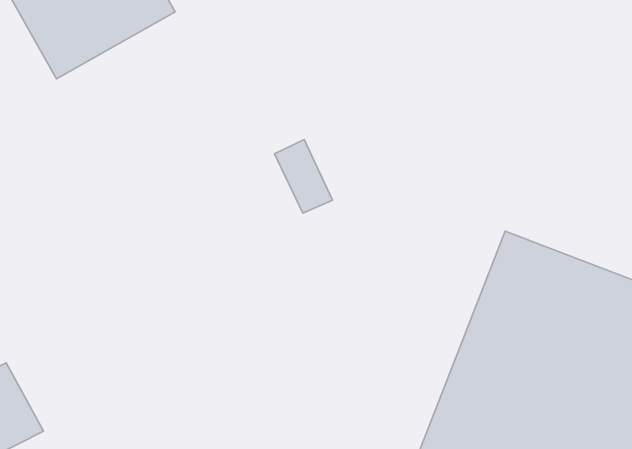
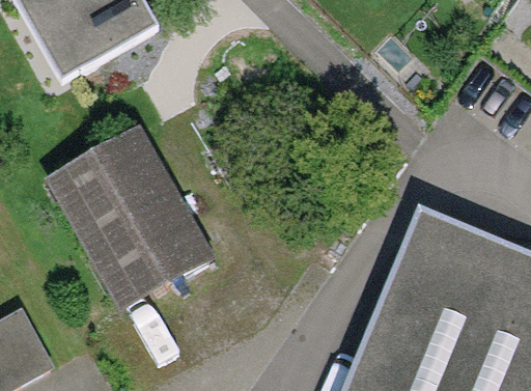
building: none -> [55,146,201,297]

